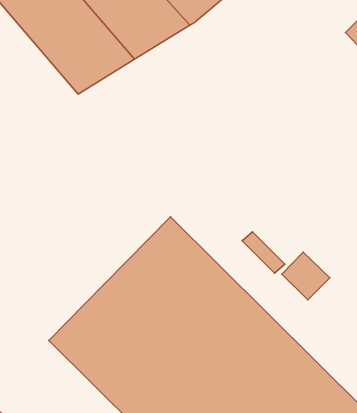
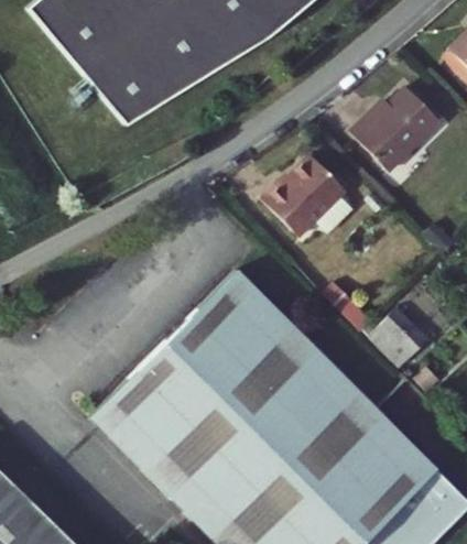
building: none -> [354,93,443,178]
building: none -> [265,163,352,244]

